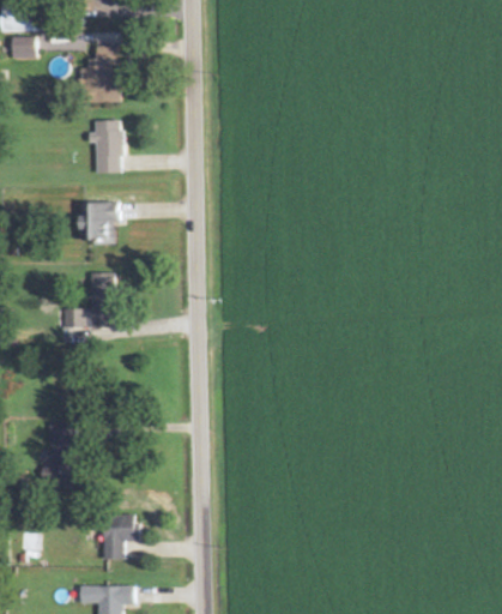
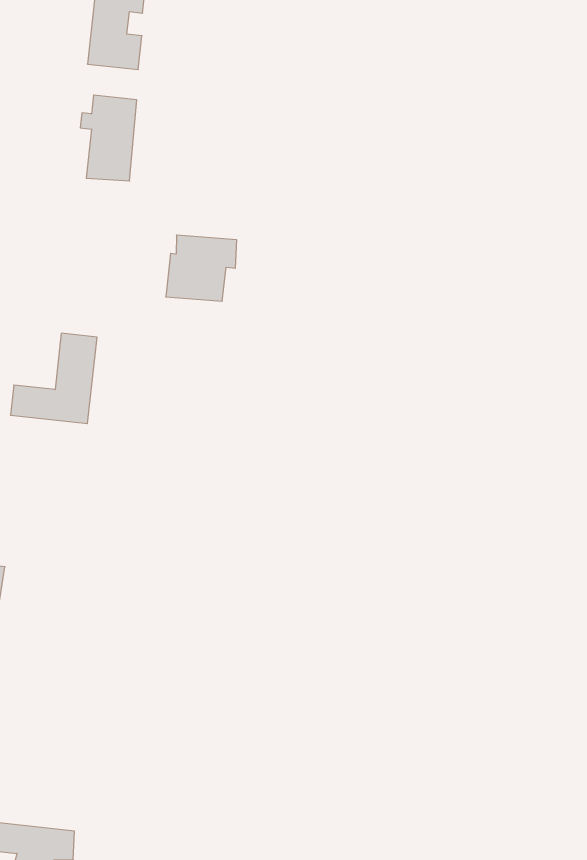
building: [78,201,120,242] -> [166,235,237,301]
building: [103,514,139,559] -> none

